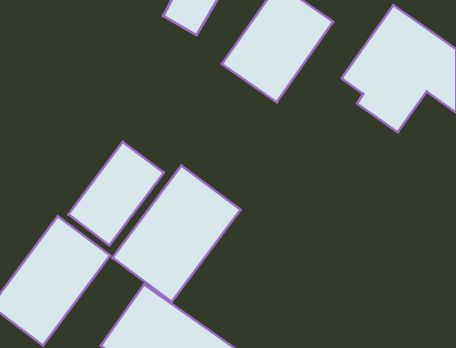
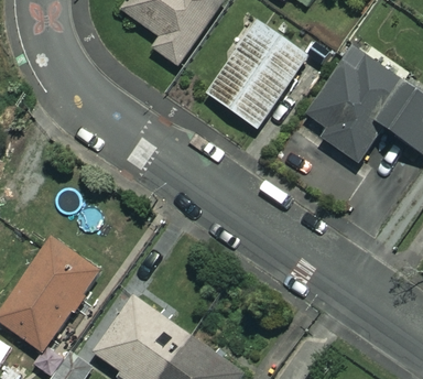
building: [68,142,164,245] -> none
building: [112,165,241,302] -> none

